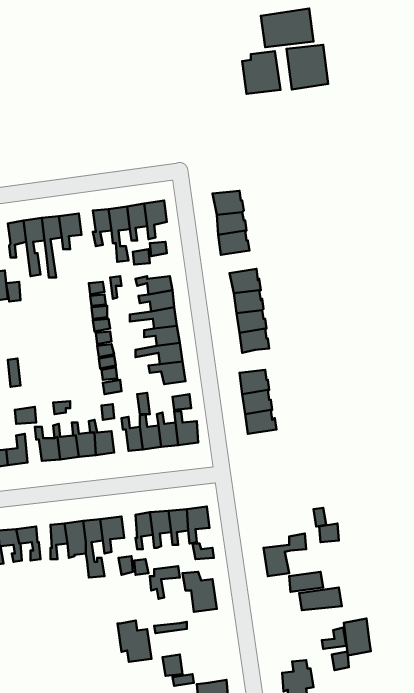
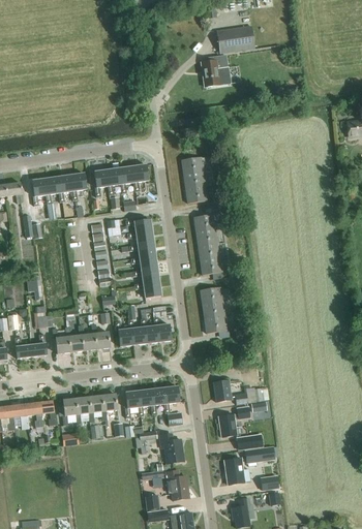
building: [286,45,328,89] -> none
building: none -> [213,380,247,404]
building: [344,618,371,655] -> [224,458,244,485]
building: [117,621,151,662] -> [164,470,189,500]

